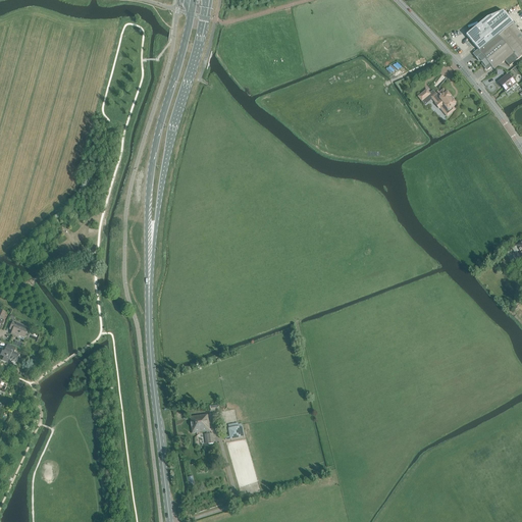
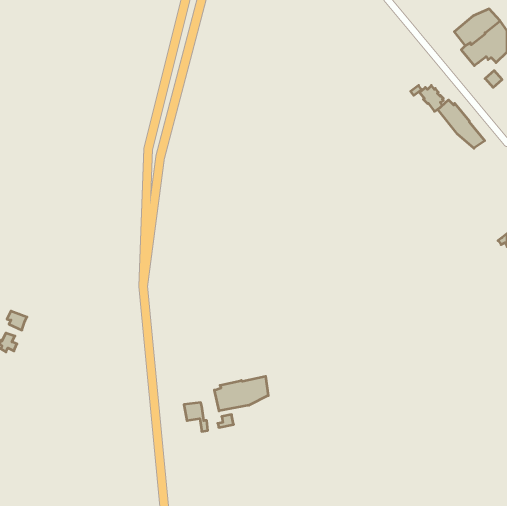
building: none -> [438,100,485,148]
building: none -> [214,376,268,411]

